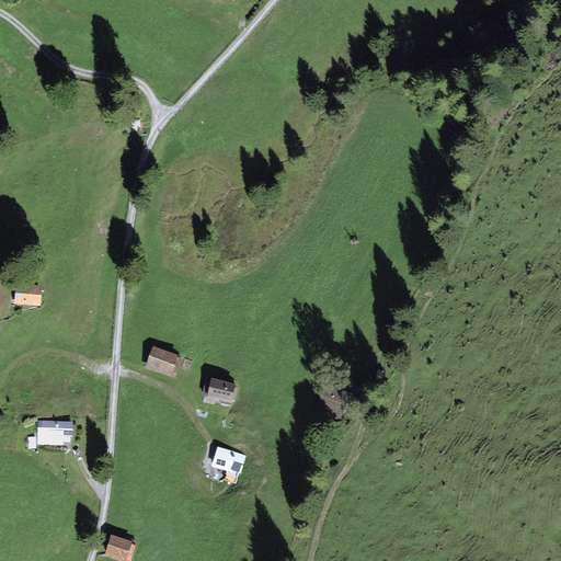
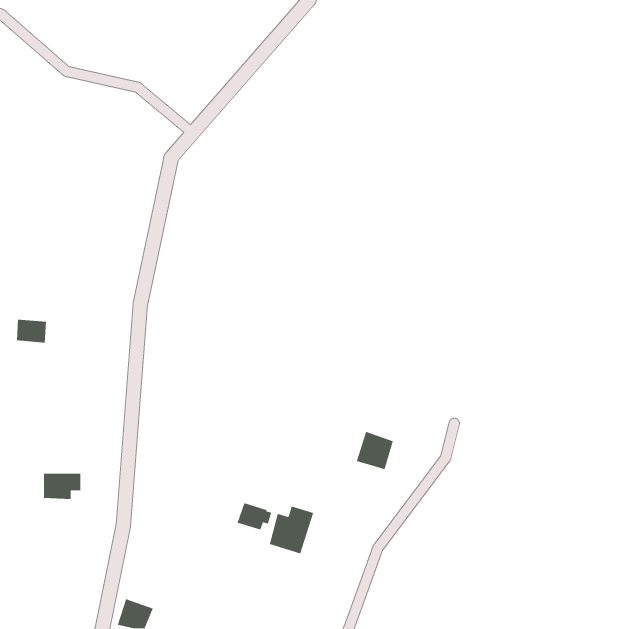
building: [145,346,182,378] -> none
building: [207,379,238,407] -> none
building: none -> [269,505,314,555]

